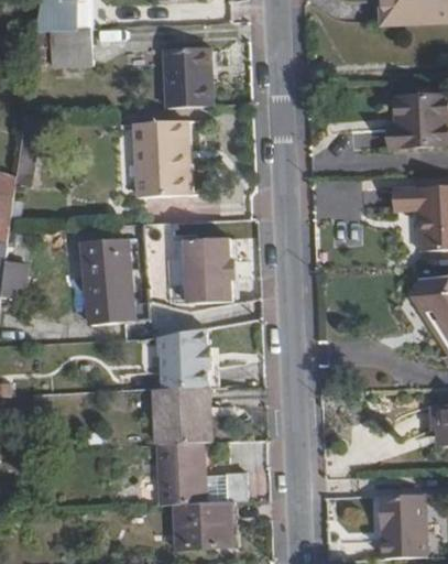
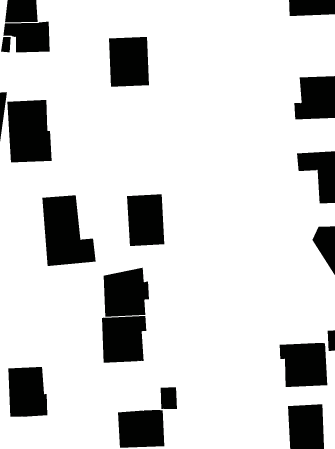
building: [134,120,190,197] -> [7,100,53,163]
building: none -> [279,342,328,388]
building: [156,442,206,503] -> [8,366,48,417]

